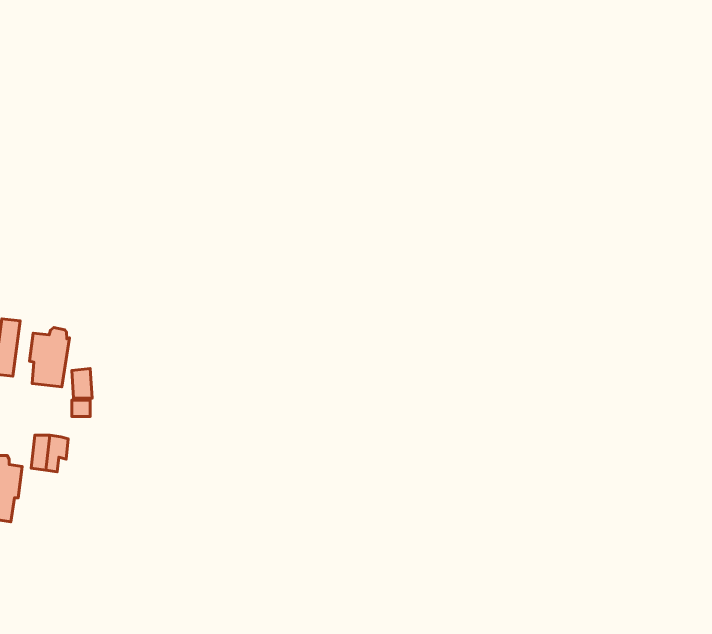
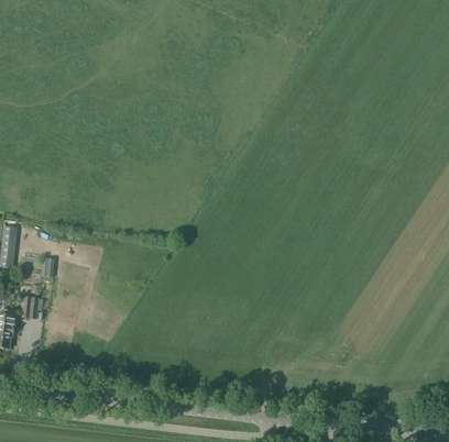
building: [30,328,69,387] -> none

